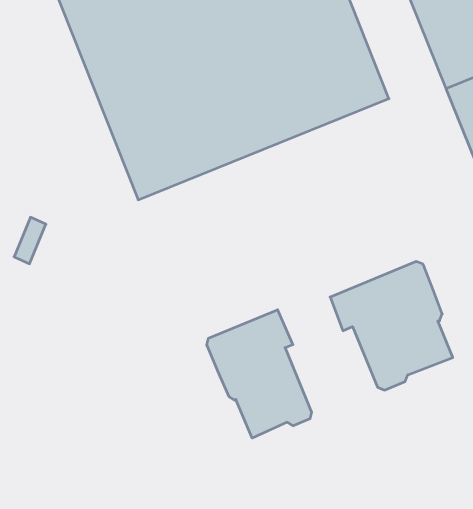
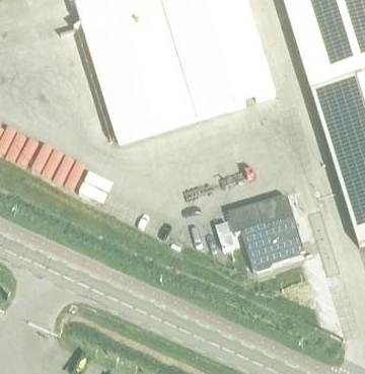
building: [207,310,312,438] -> none

